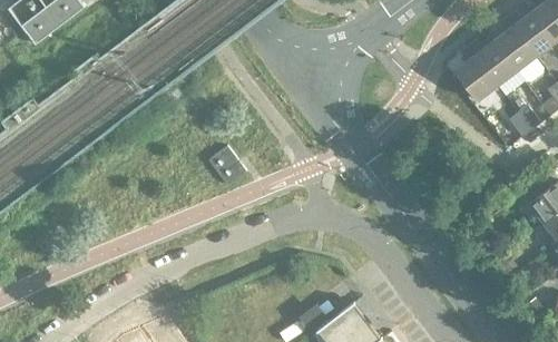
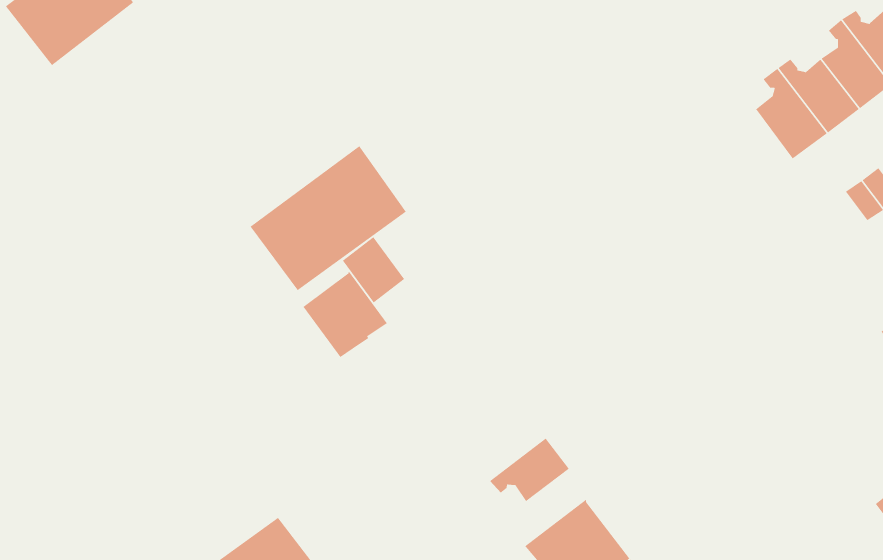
building: none -> [249,145,407,291]
building: none -> [302,270,389,360]
building: none -> [489,438,570,502]

